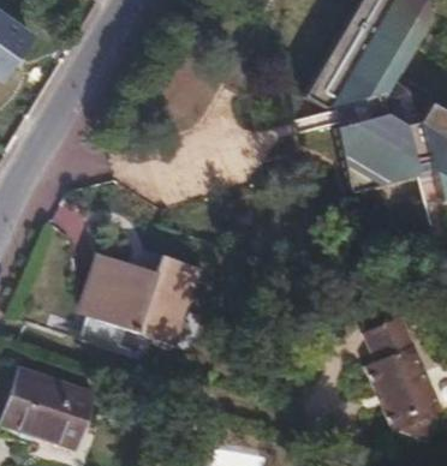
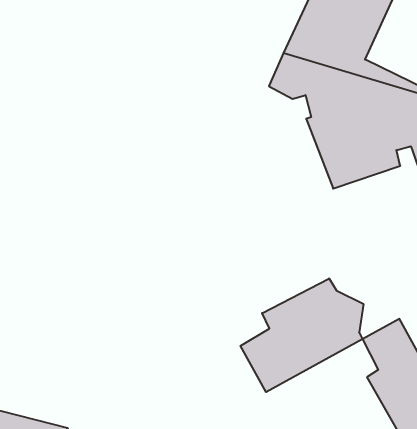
building: [77,255,198,352] -> none
building: none -> [241,278,363,392]

